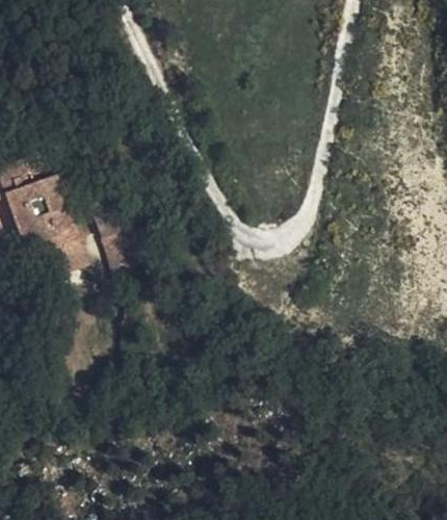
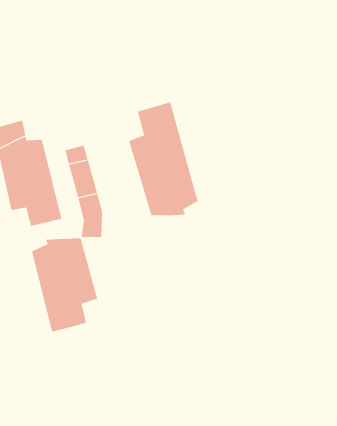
building: none -> [129,102,198,216]
building: none -> [32,238,98,332]

